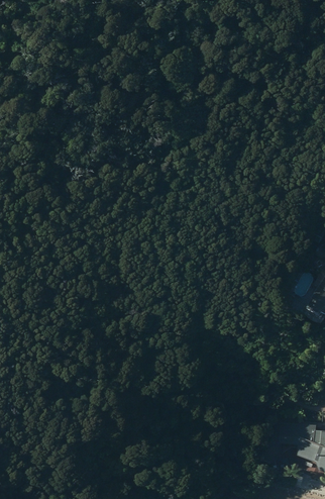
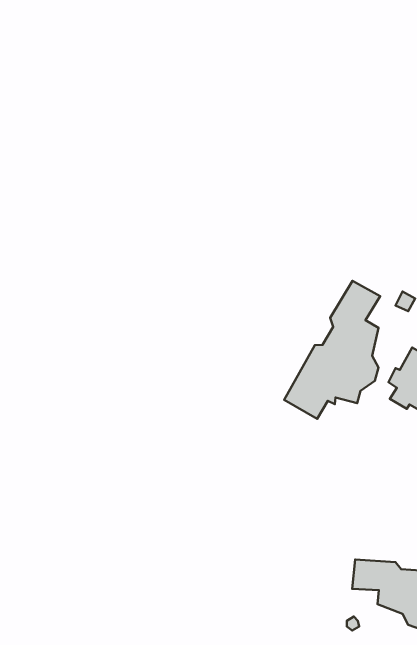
building: none -> [284,281,380,419]

